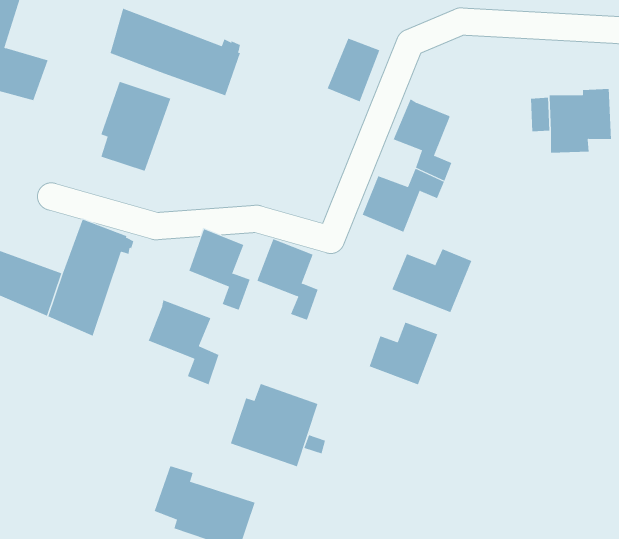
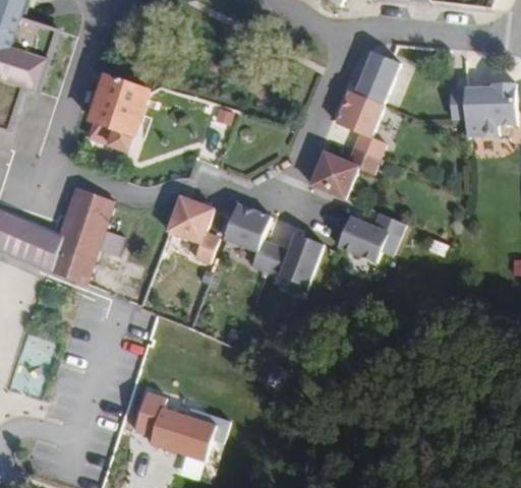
building: [110,8,241,96] -> none
building: [327,38,380,102] -> [353,51,397,104]
building: [147,300,219,385] -> none
building: [369,322,438,385] -> [264,235,321,287]
building: [230,383,318,467] -> none

